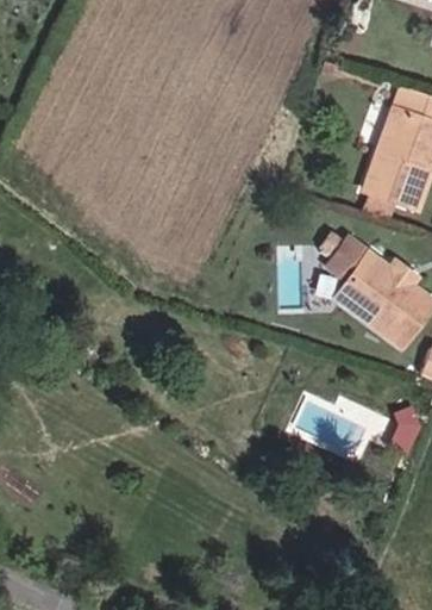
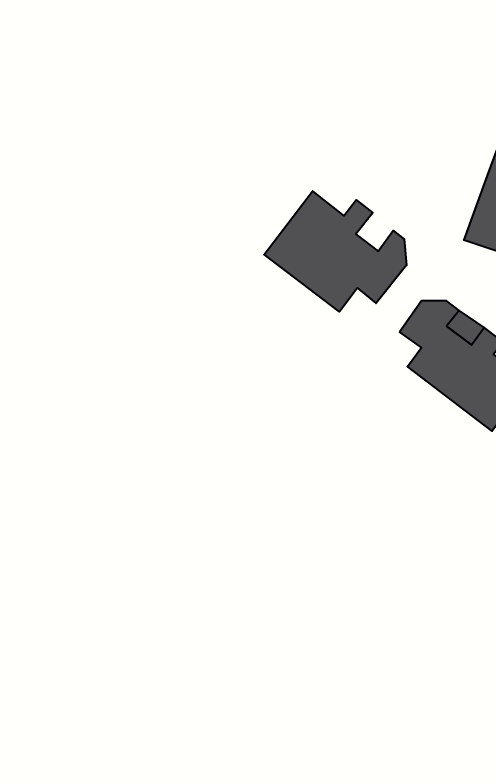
building: none -> [264,191,407,312]

